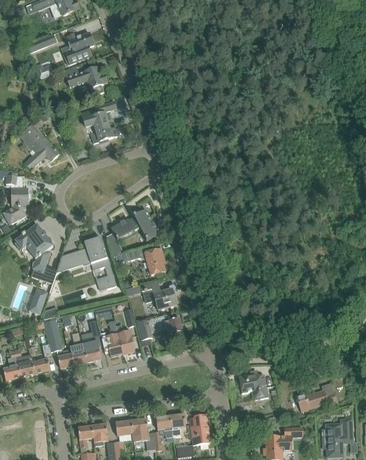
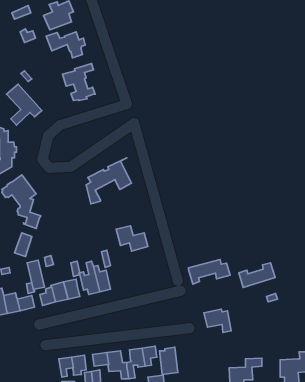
building: [56,236,116,290] -> none
building: [116,244,165,274] -> none
building: [137,313,183,340] -> [188,260,230,284]
building: [296,383,336,410] -> [239,263,275,287]

